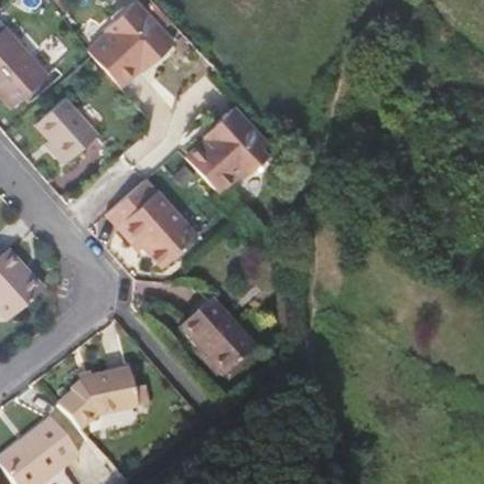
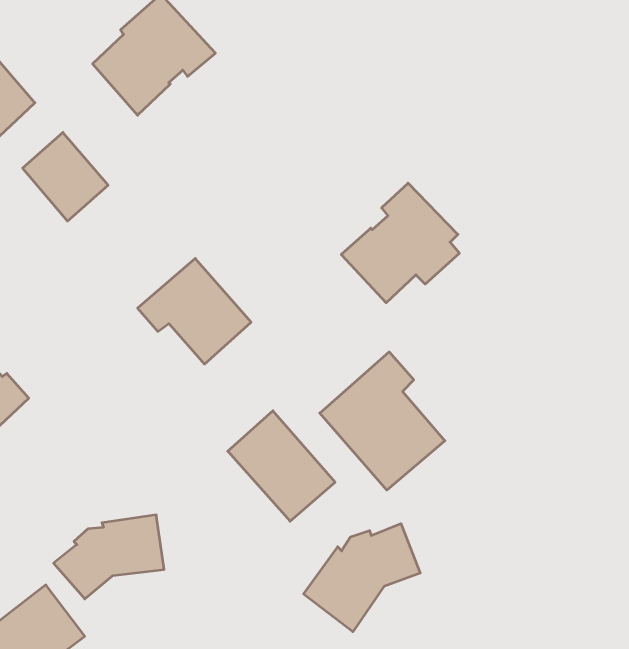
building: [184,106,268,191] -> [341,183,459,303]
building: none -> [320,352,445,490]
building: none -> [304,524,420,632]

